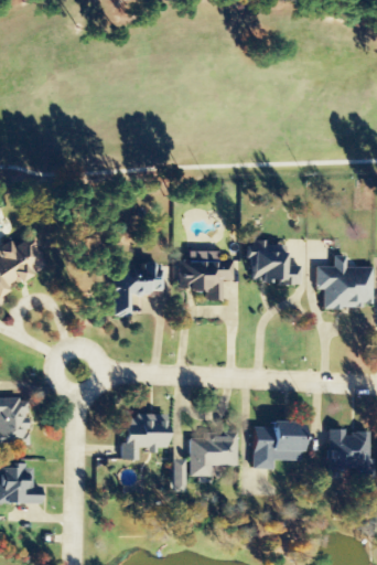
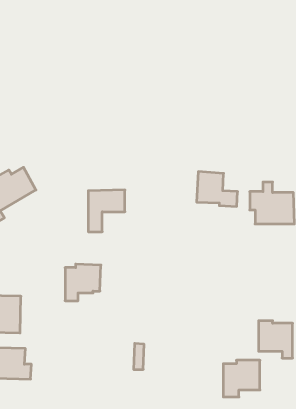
building: [180,250,234,299] -> none
building: [122,413,168,459] -> [65,264,101,301]
building: [254,422,300,468] -> [223,360,260,397]
building: [190,434,238,476] -> none

